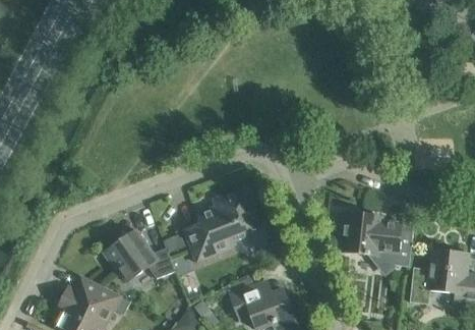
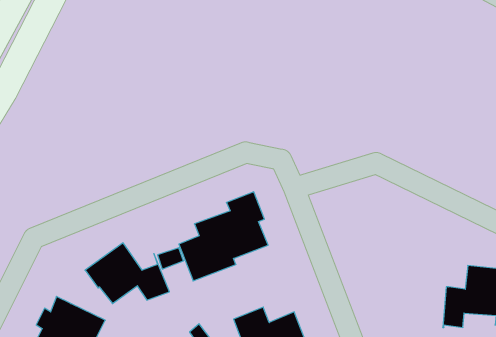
building: [343,211,413,270] -> none

